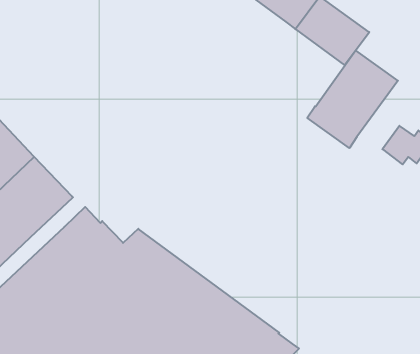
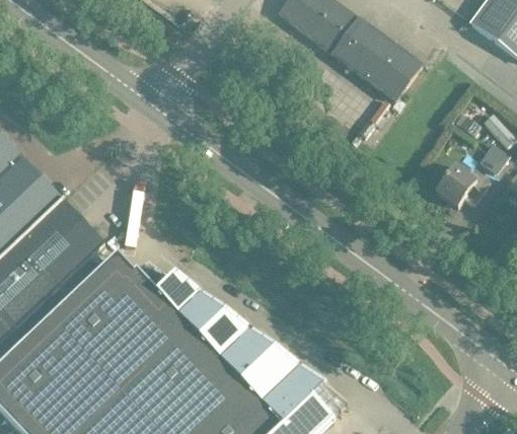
building: [307,50,398,148] -> none

